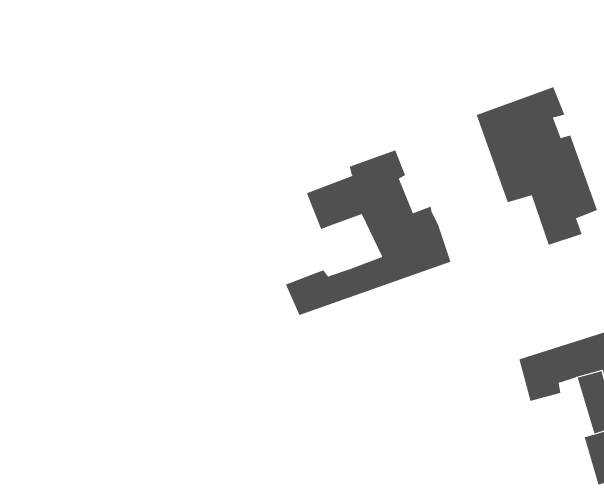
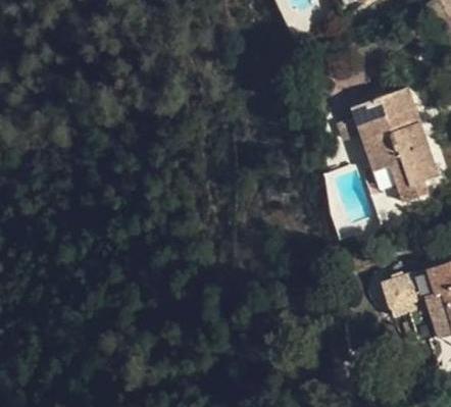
building: [285,150,451,316] -> none

